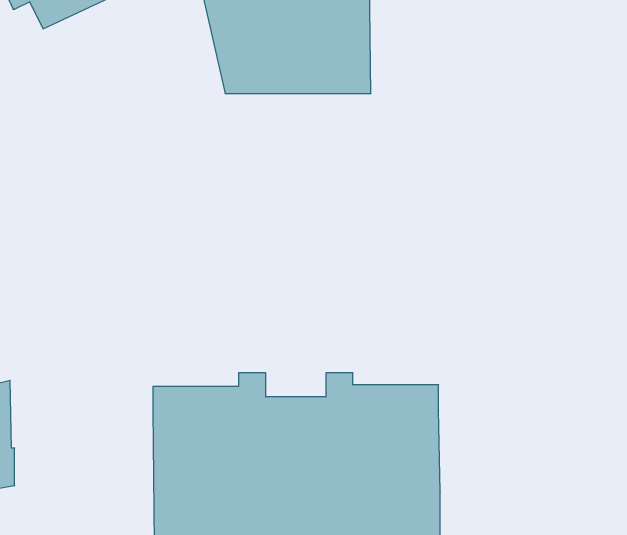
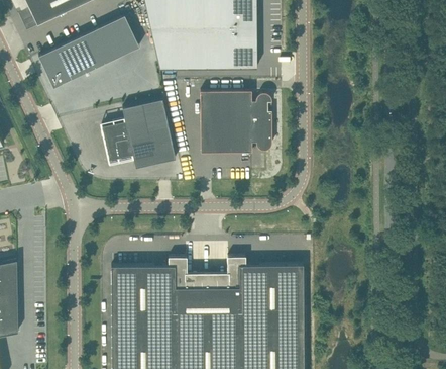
building: none -> [38,15,139,88]
building: none -> [200,91,271,153]
building: none -> [102,99,176,168]

